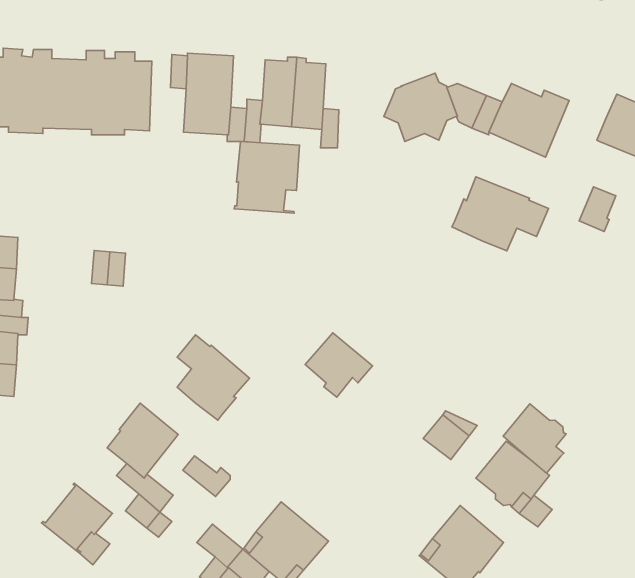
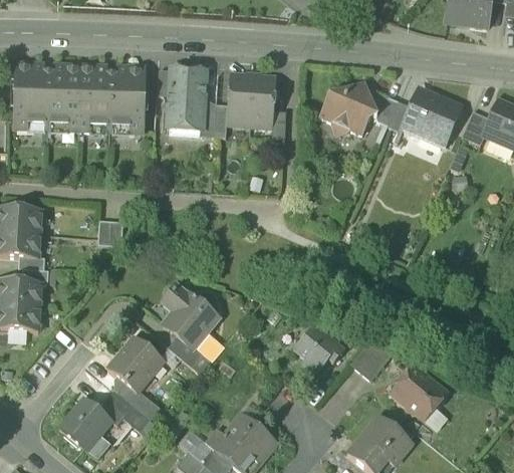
building: [234,142,300,213] -> none
building: [452,177,548,251] -> none
building: [579,187,616,231] -> [462,110,490,145]
building: [305,333,372,397] -> [293,323,344,373]
building: [503,404,566,473] -> none
building: [183,456,230,497] -> [168,335,204,367]
building: none -> [99,390,134,425]

